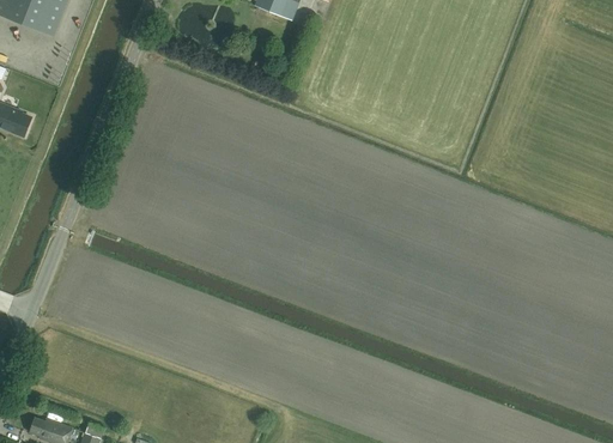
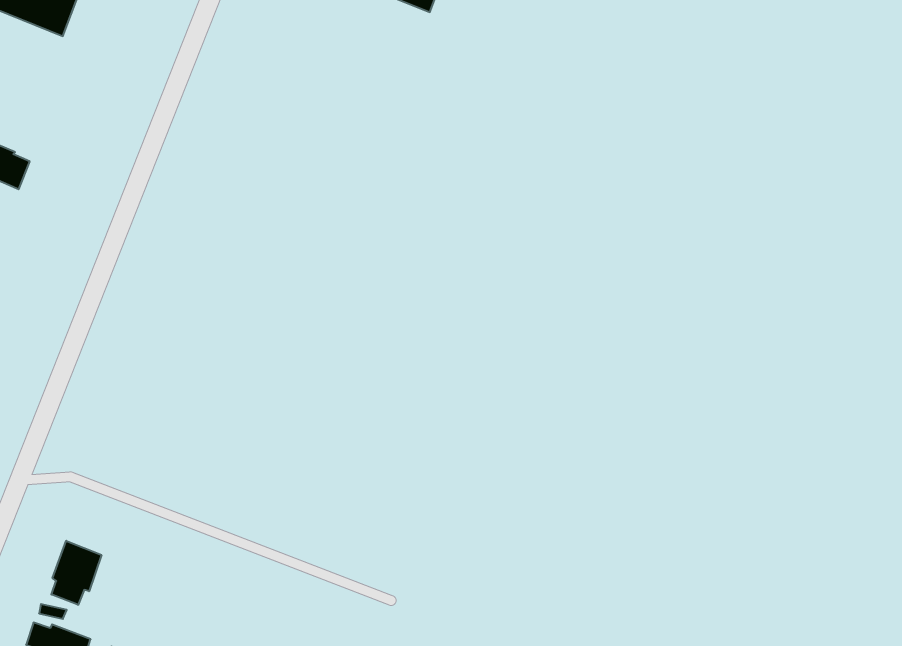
building: none -> [51,541,101,605]

